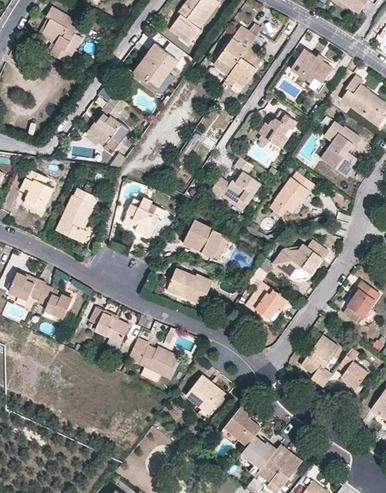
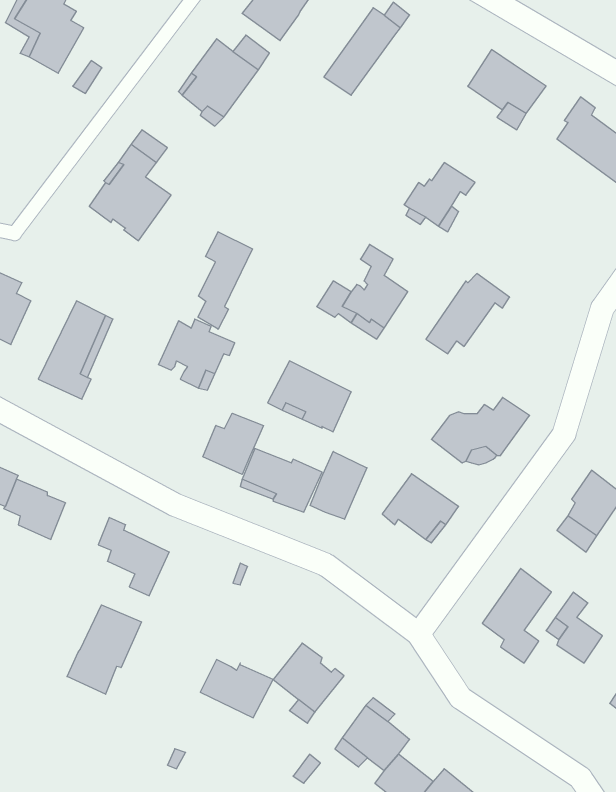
building: [229,41,263,85] -> none
building: [322,121,362,177] -> none
building: none -> [198,232,253,329]
building: none -> [203,413,263,474]
building: none -> [310,451,367,519]
building: [139,345,179,377] -> [200,660,273,718]
building: none -> [67,605,141,694]

